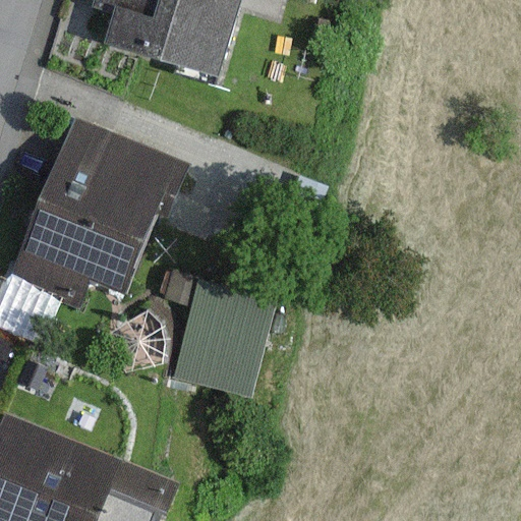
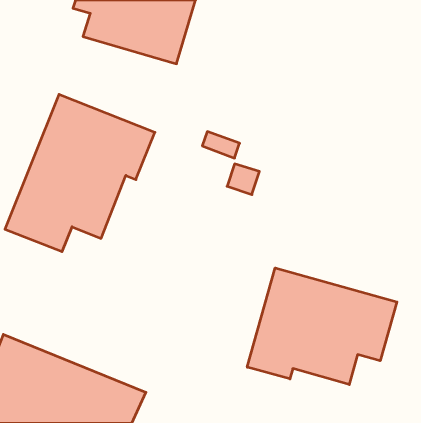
building: [163,271,275,388] -> none
building: none -> [247,268,397,385]

